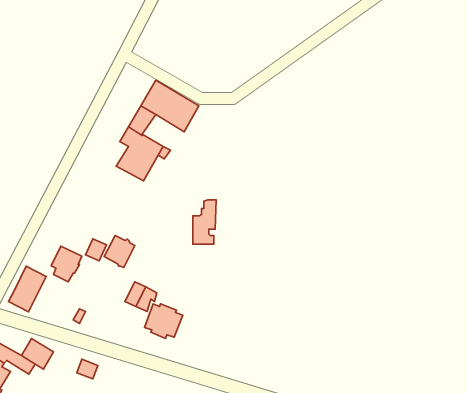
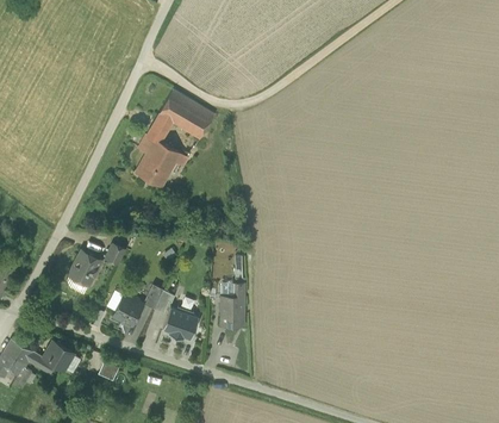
building: [193,200,216,244] -> [222,284,244,326]
building: [104,236,135,268] -> [113,296,143,326]
building: [9,266,46,312] -> none

